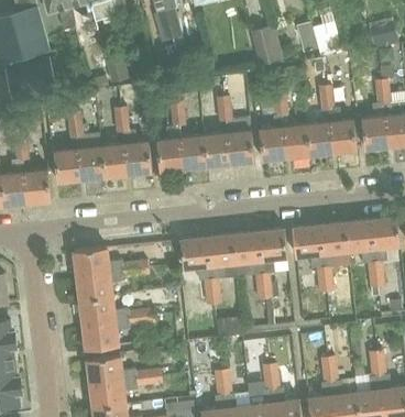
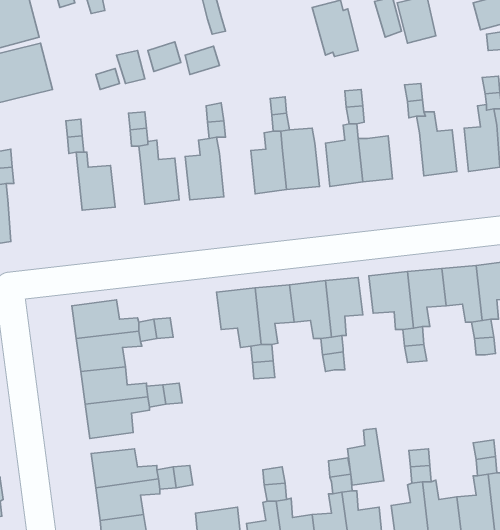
building: [306,123,332,157] -> none
building: [182,136,208,171] -> none
building: [101,144,127,178] -> none
building: [54,150,80,184] -> none
building: [25,171,52,204] -> none
building: none -> [347,428,384,485]

